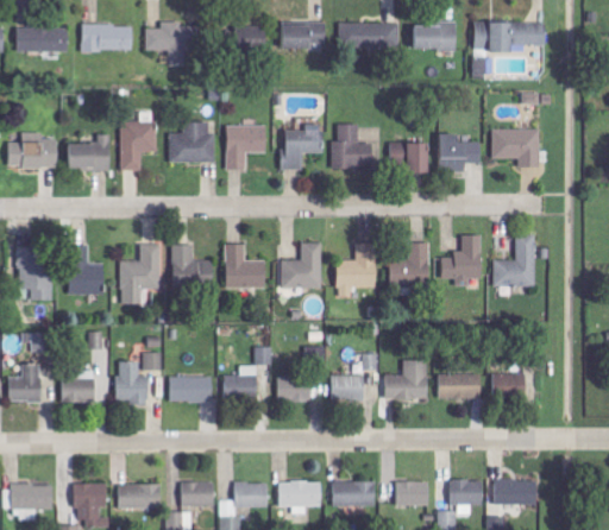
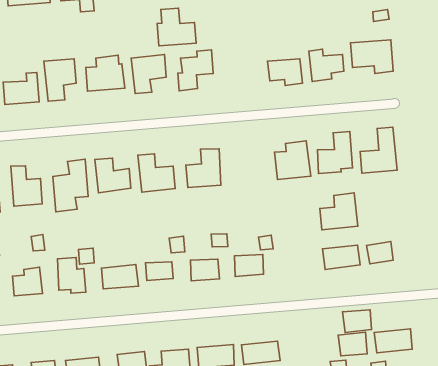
building: [331,124,376,168] -> [157,8,196,46]
building: [337,242,376,298] -> none
building: [384,359,428,400] -> [320,193,358,230]
building: [395,481,428,506] -> [343,310,372,332]

